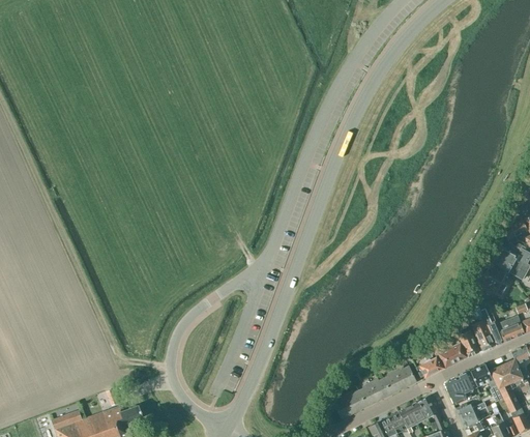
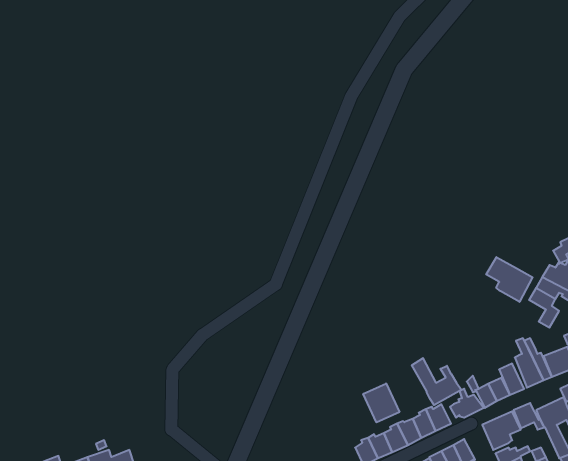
building: none -> [486,257,533,302]
building: none -> [412,358,462,405]
building: none -> [363,383,399,422]

